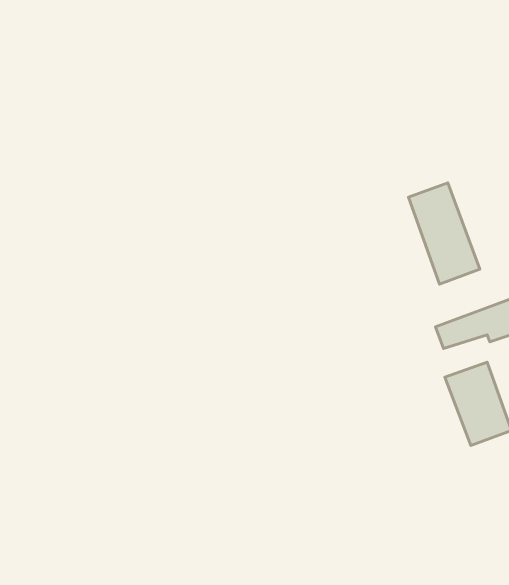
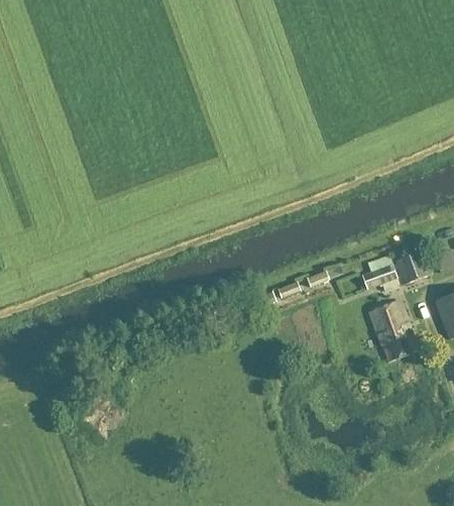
building: [409,183,480,284] -> none

